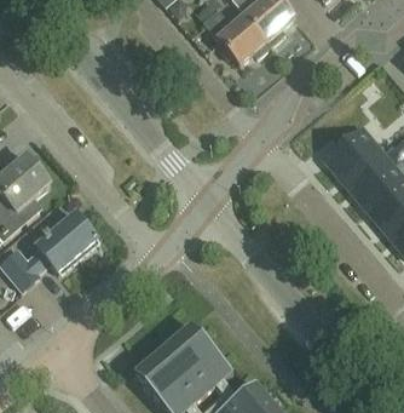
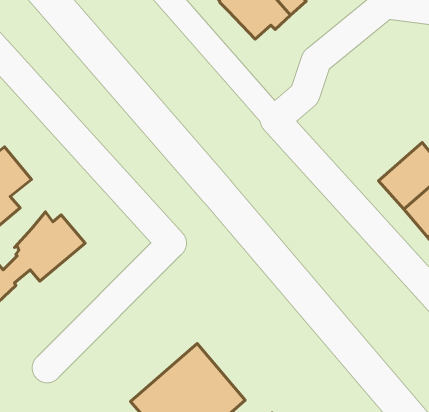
building: [325,128,383,185] -> none

